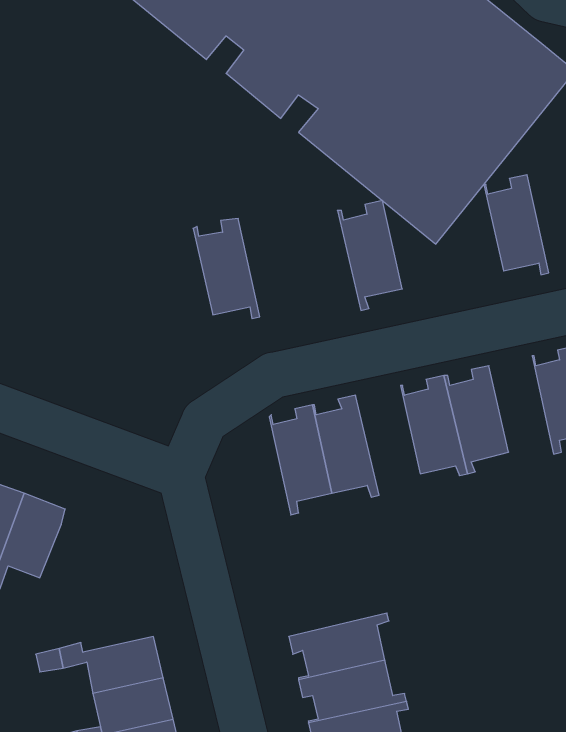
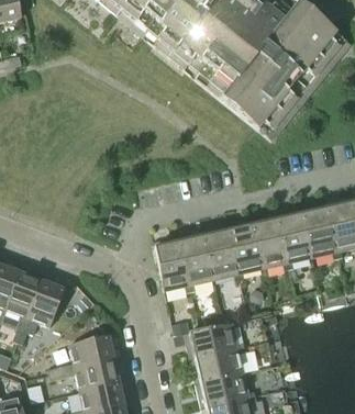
building: [484,175,549,275] -> [302,202,339,258]
building: [337,201,402,310] -> [228,219,264,280]
building: [193,219,260,319] -> [154,236,191,292]
building: none -> [185,323,245,359]
building: none -> [69,335,114,368]

